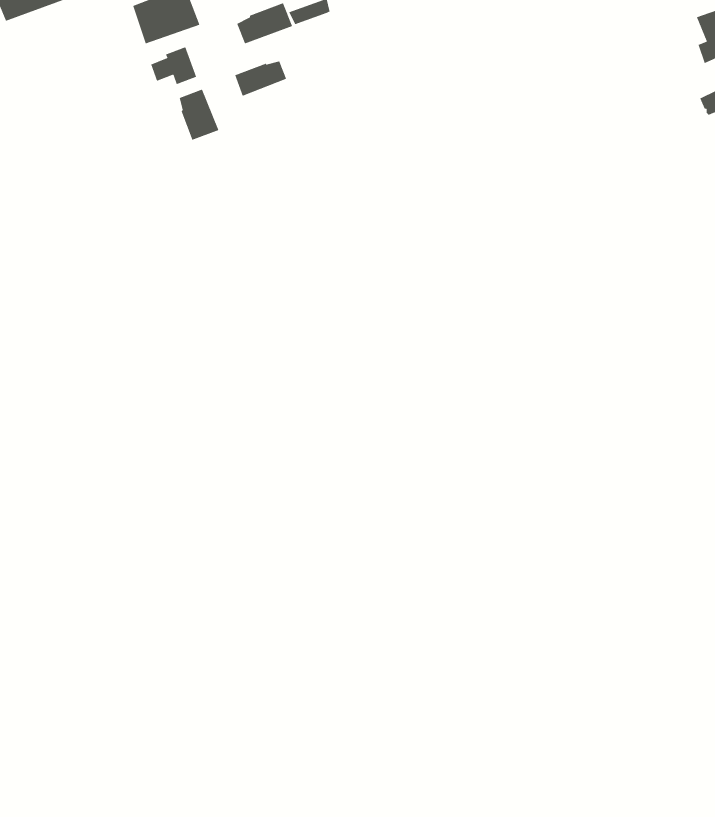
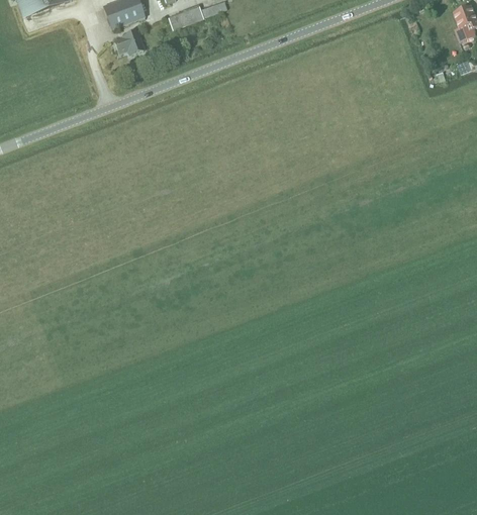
building: [234,60,287,97] -> none
building: [179,88,220,141] -> none

